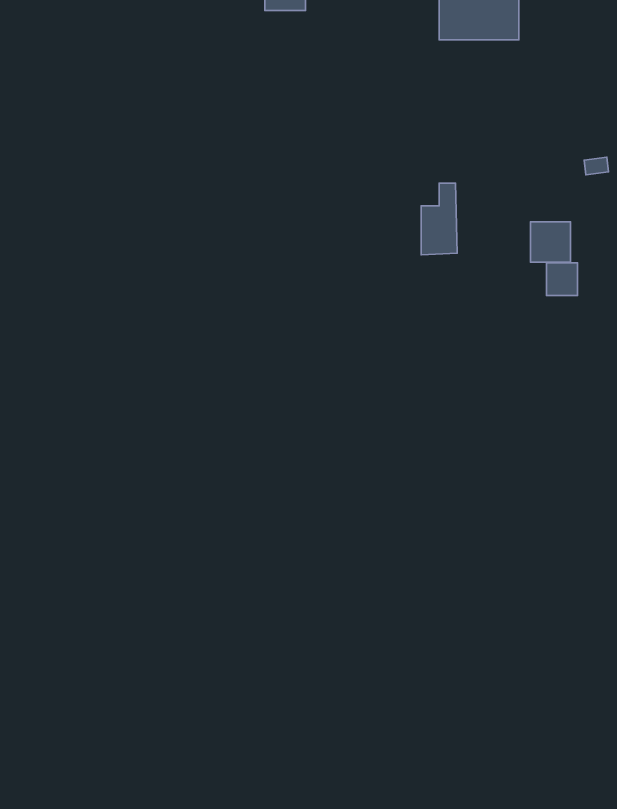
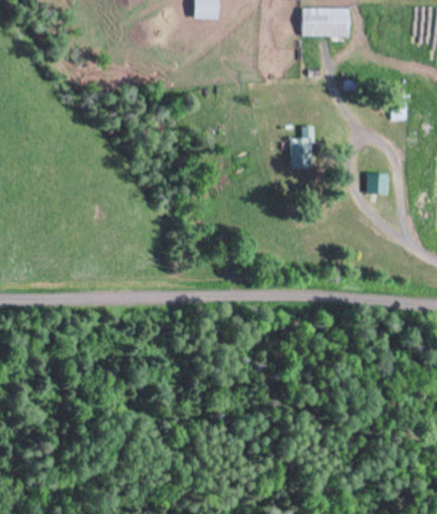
building: [530,222,571,262] -> none

